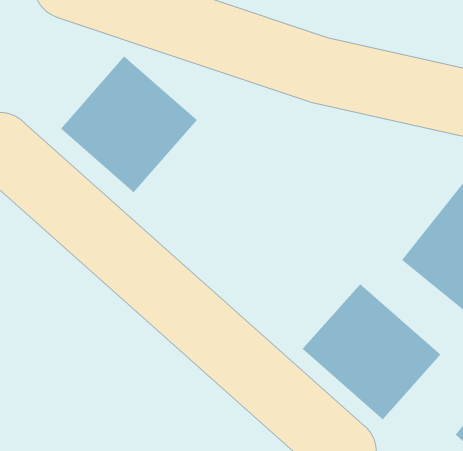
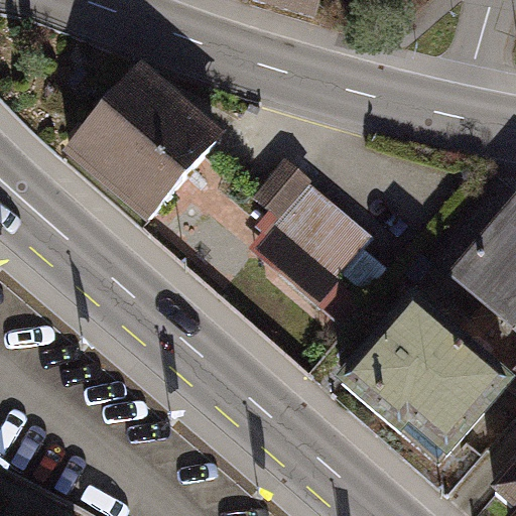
building: none -> [251,150,390,324]

